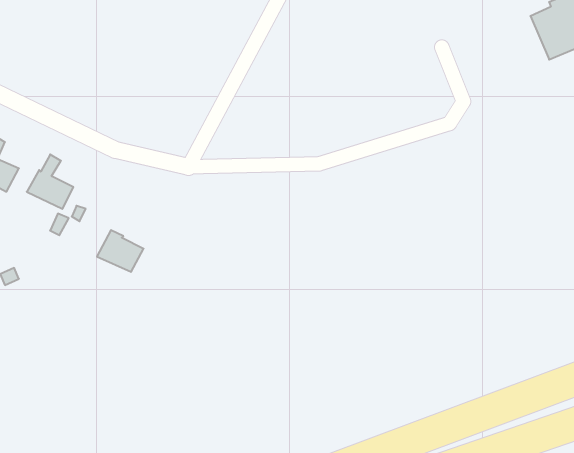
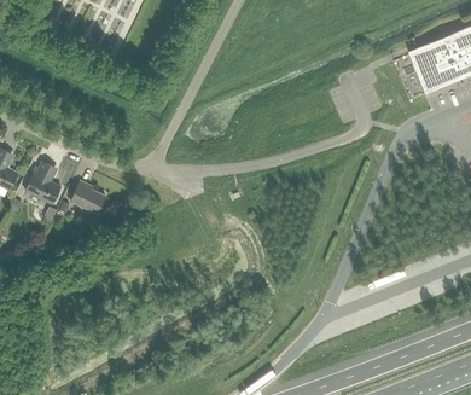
building: [97,230,144,272] -> [70,180,106,213]

